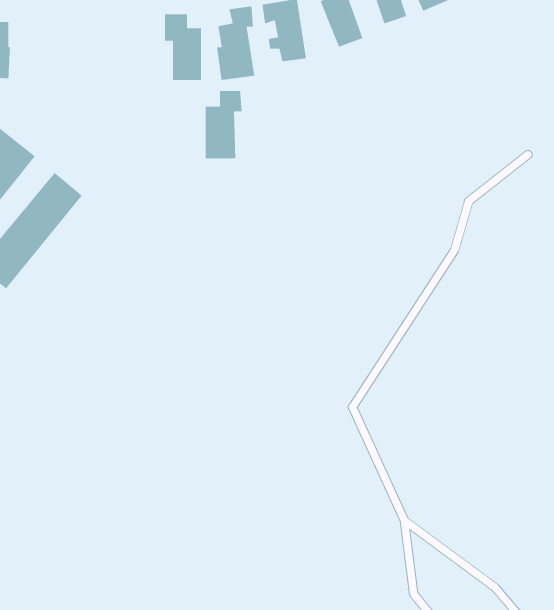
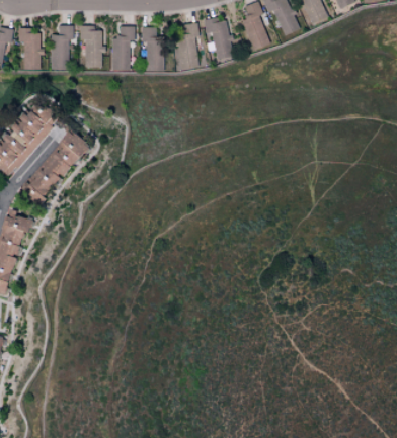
building: none -> [50,25,73,70]
building: none -> [79,26,103,67]
building: [205,90,243,159] -> [110,26,135,71]

